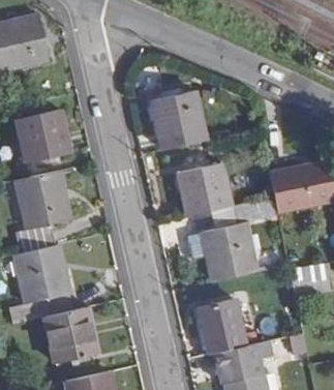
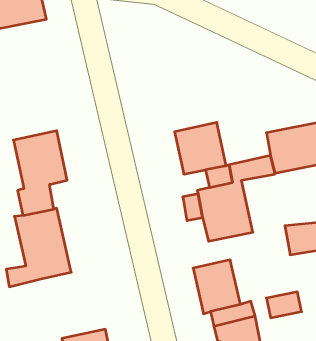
building: [149,90,205,149] -> none
building: [18,111,69,161] -> none
building: [45,309,97,365] -> none

